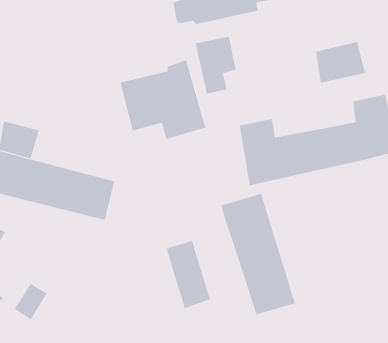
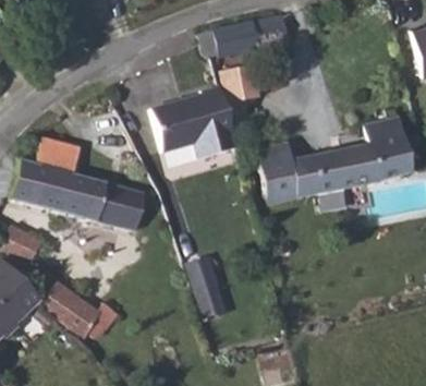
building: [316,41,366,83] -> none
building: [221,193,295,315] -> none
building: none -> [65,303,119,339]

